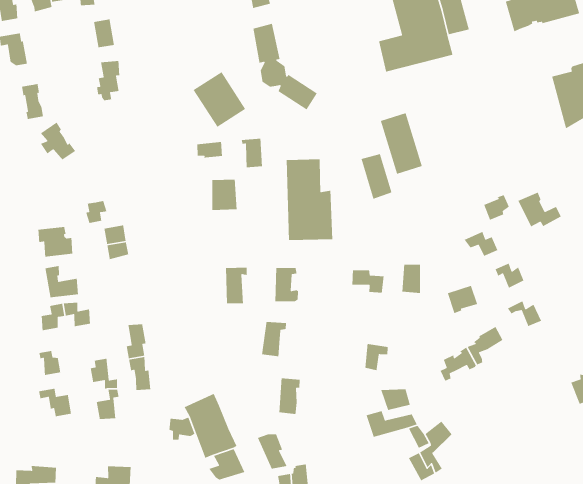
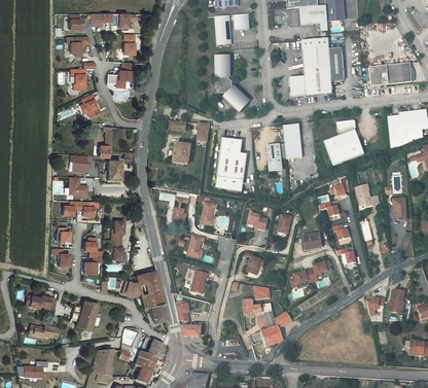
building: [193,71,246,128] -> none
building: none -> [325,120,364,166]

